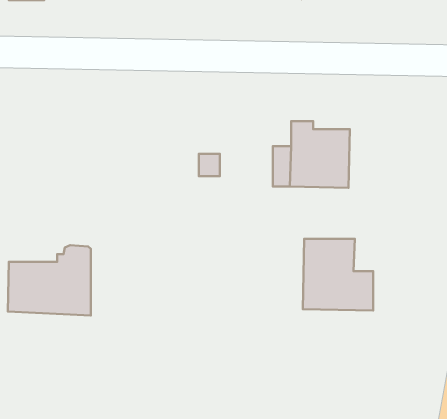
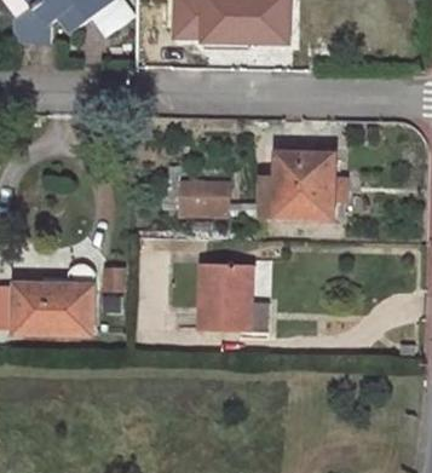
building: [303,239,373,310] -> [200,264,265,330]

